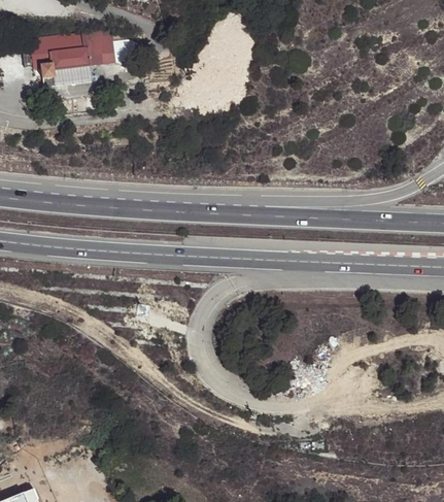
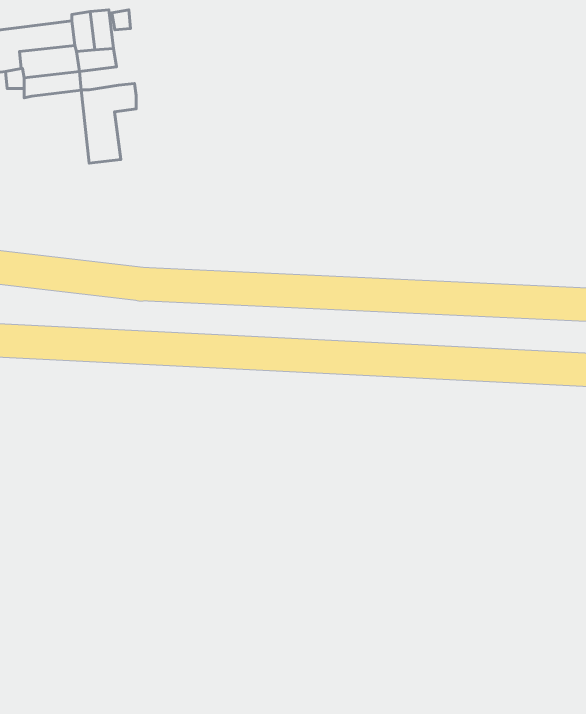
building: none -> [81,83,136,163]

